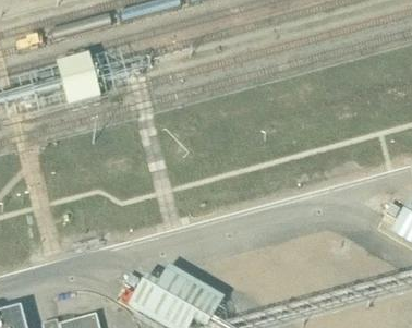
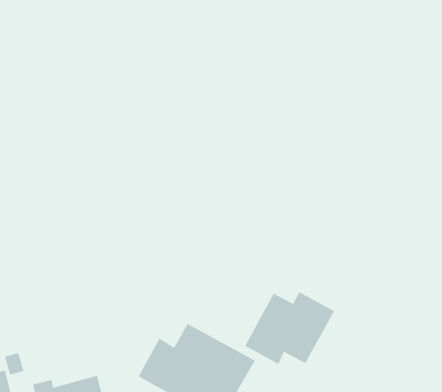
building: none -> [244,292,335,365]

